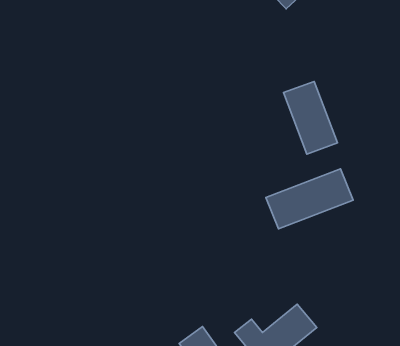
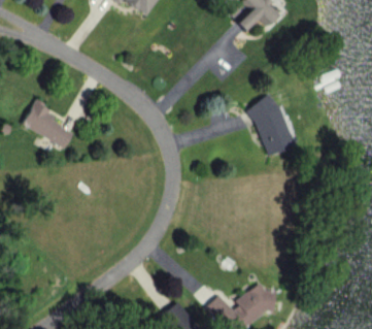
building: none -> [23,105,76,146]
building: [266,169,353,229] -> none

